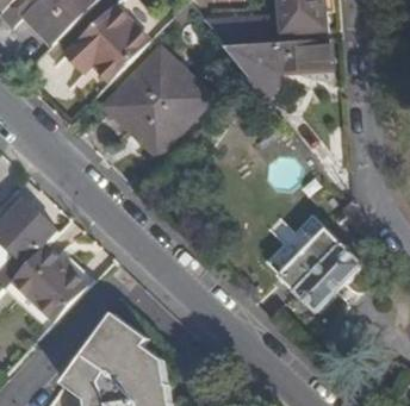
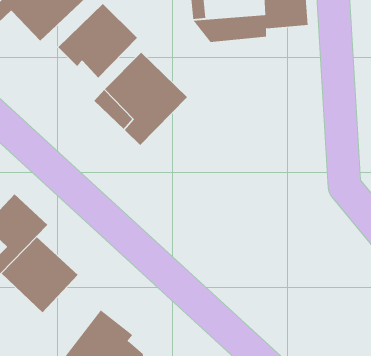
building: [224,36,328,75] -> none
building: [262,213,359,311] -> none

